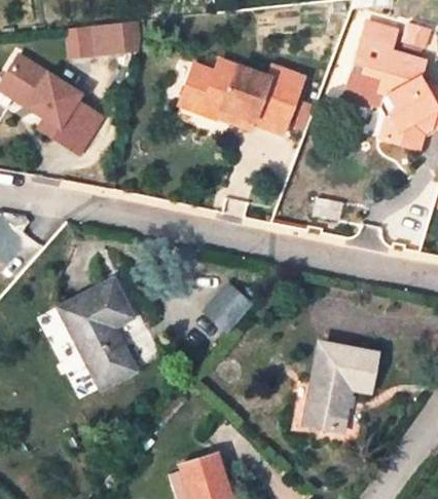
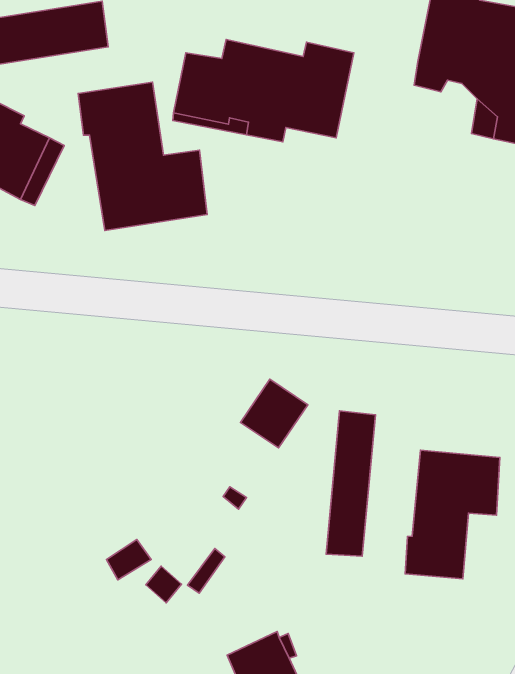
building: none -> [78,82,207,231]
building: [58,281,132,386] -> none
building: none -> [326,411,375,556]

